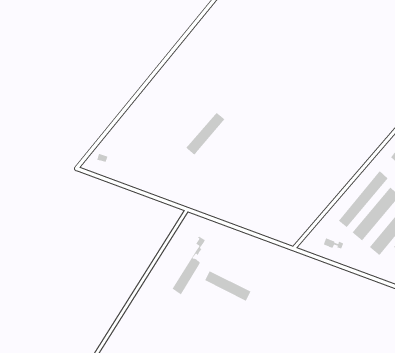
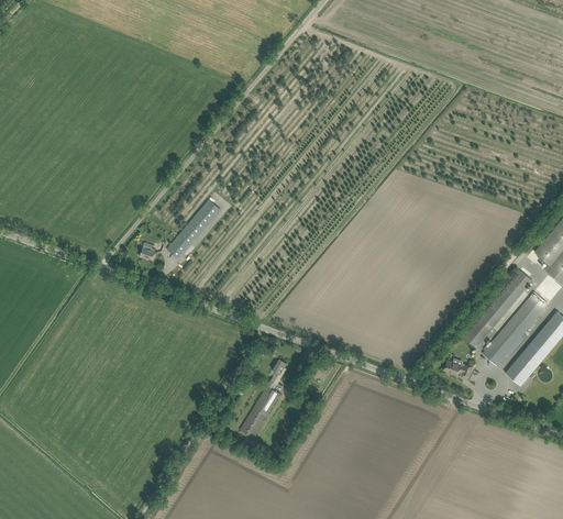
building: [185,112,225,155] -> [167,199,221,257]
building: [204,270,251,302] -> none

